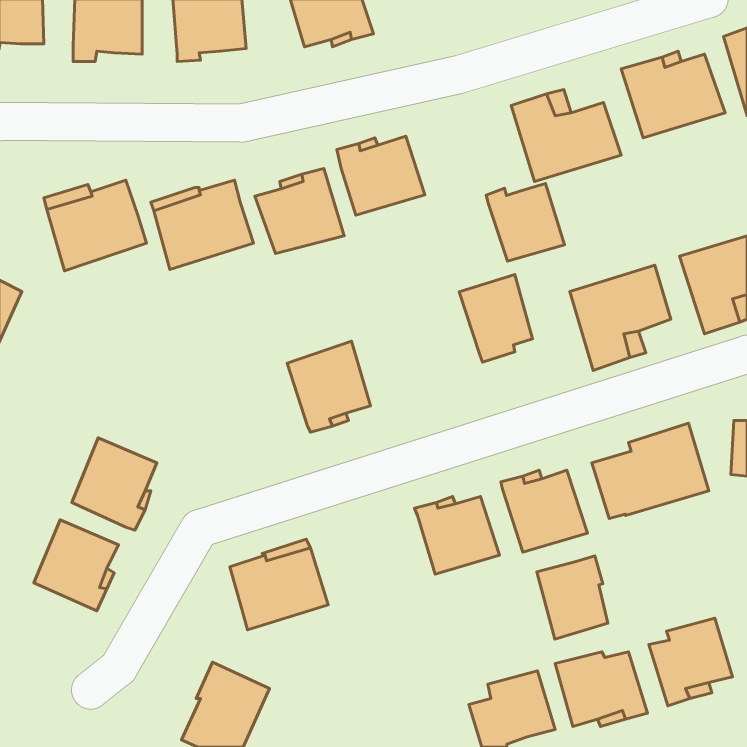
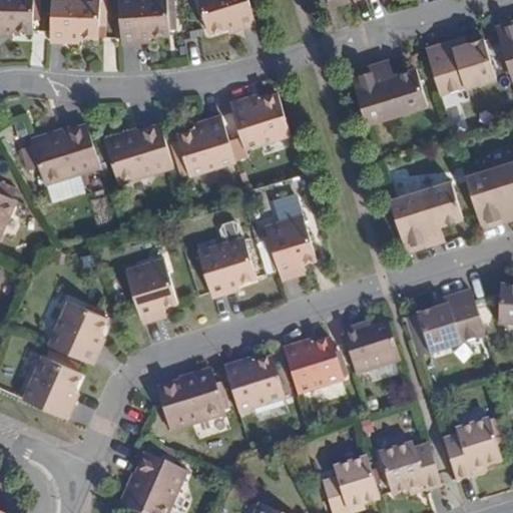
building: [486,183,564,261] -> none
building: [459,274,532,362] -> [265,214,315,275]
building: none -> [125,259,176,318]
building: none -> [224,358,284,412]
building: [537,556,608,639] -> none

